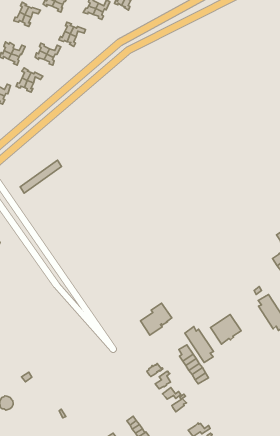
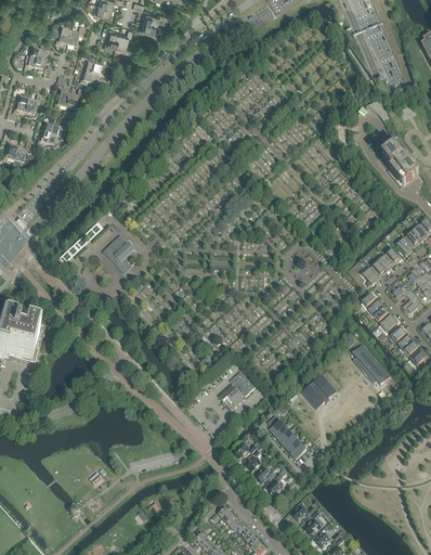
building: none -> [105,235,139,270]
building: [185,327,213,363] -> none

